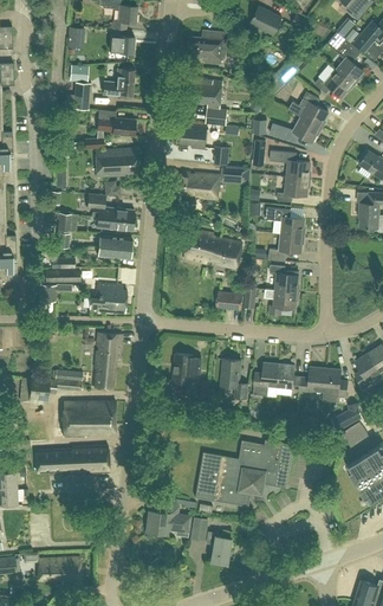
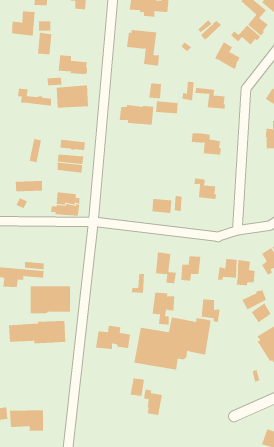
building: [102,67,132,99] -> [11,11,35,36]
building: [268,116,320,142] -> none
building: [180,123,206,147] -> none
building: [275,175,309,200] -> none
building: [89,196,132,219] -> [17,88,52,106]
building: [183,228,241,267] -> none
building: [267,233,303,260] -> none
building: [264,288,297,314] -> none
building: [91,330,121,388] -> none
building: [171,353,201,394] -> [152,292,175,325]
building: [275,363,300,393] -> [201,299,220,322]
building: [144,503,189,534] -> [95,325,131,350]

